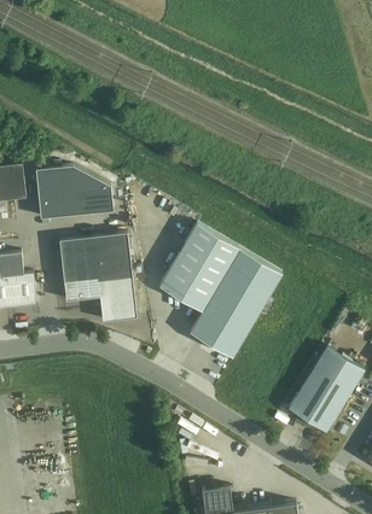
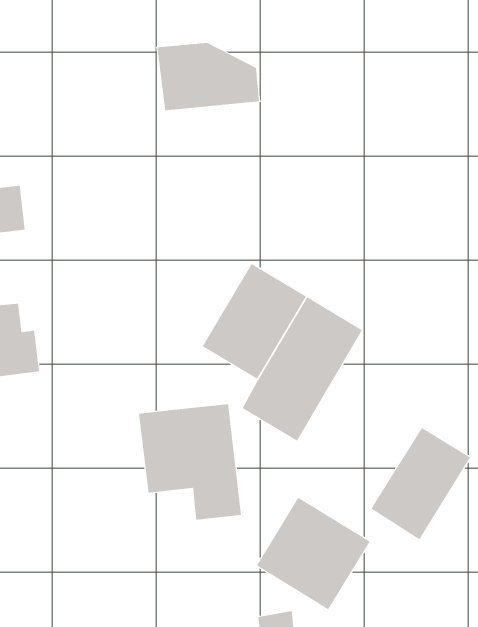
building: [34,167,112,218] -> [157,42,260,111]
building: [58,233,136,321] -> [138,404,242,520]
building: none -> [256,497,370,610]

